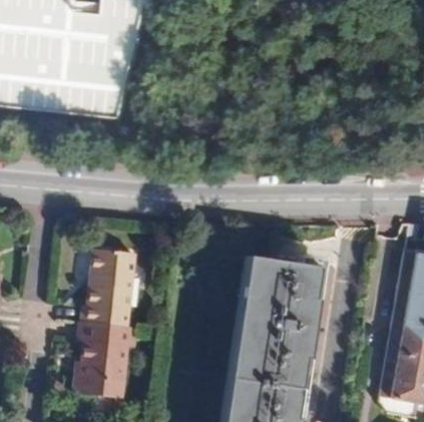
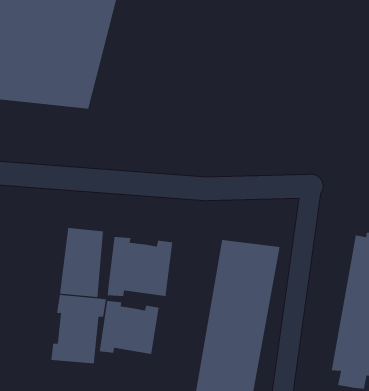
building: none -> [107,236,173,297]
building: none -> [99,300,159,355]

